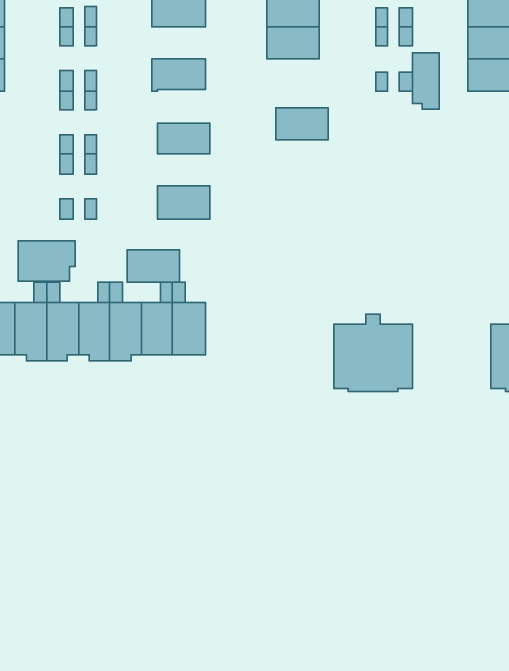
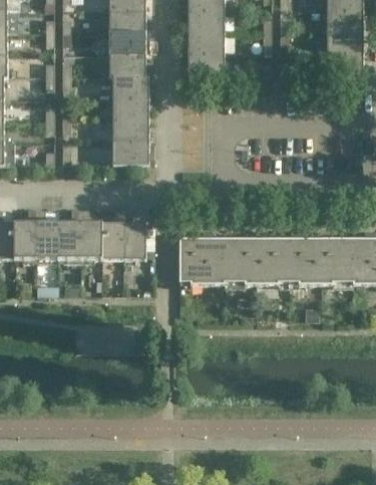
building: none -> [108,32,145,54]
building: [412,53,439,109] -> none
building: none -> [112,75,148,98]
building: [276,108,328,140] -> [187,54,224,76]
building: [18,241,75,281] -> none
building: [127,250,180,282] -> [112,119,148,142]
building: none -> [178,230,234,283]
building: none -> [288,230,342,283]

